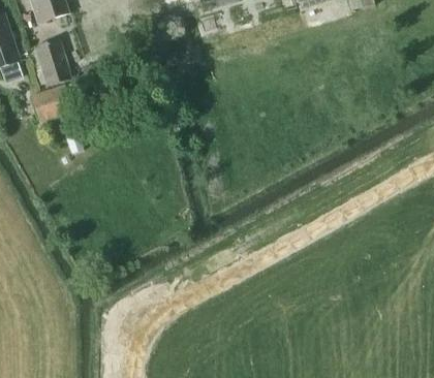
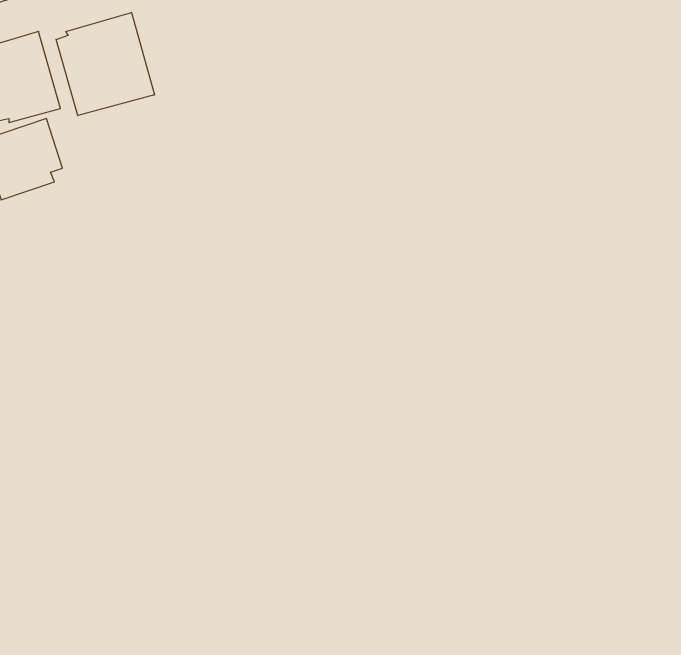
building: none -> [56,12,155,116]

